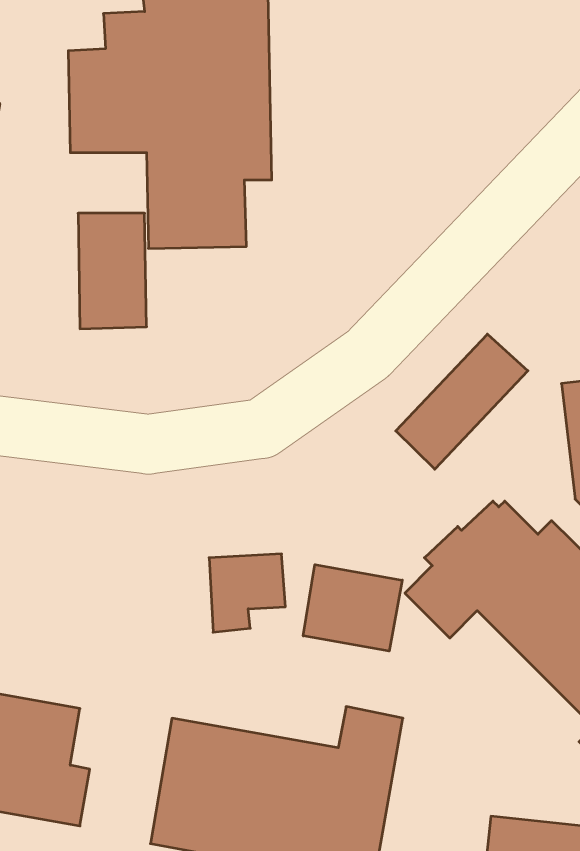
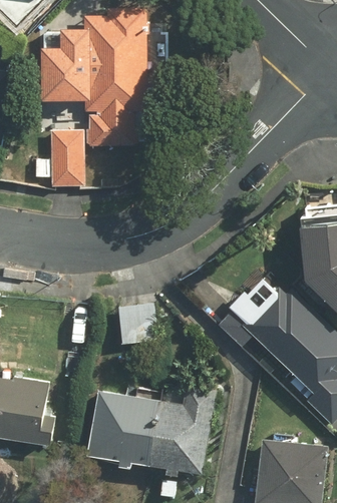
building: [396,334,528,469] -> none
building: [303,565,402,651] -> none

